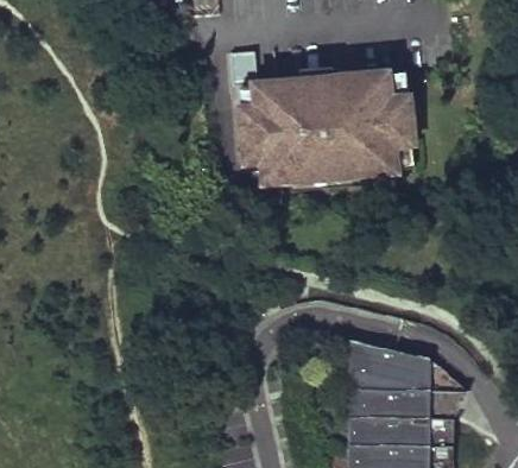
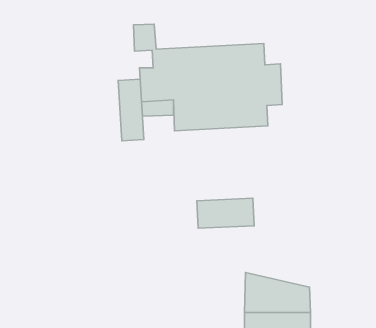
building: none -> [118,79,144,141]
building: none -> [197,198,254,228]

